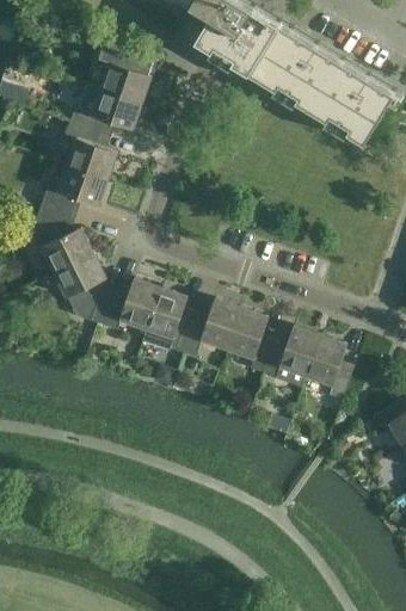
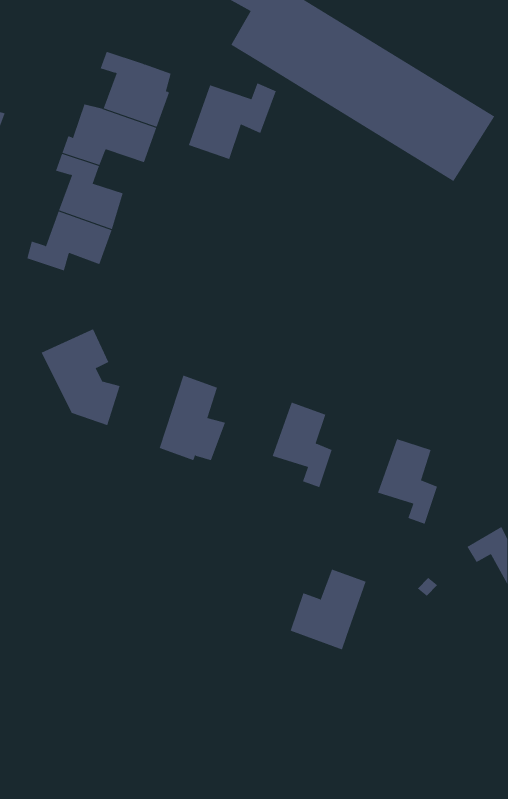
building: none -> [188,83,277,160]
building: [33,200,93,271] -> none
building: [104,278,160,329] -> none
building: [182,298,241,357] -> none
building: [263,326,320,387] -> [290,569,367,650]

